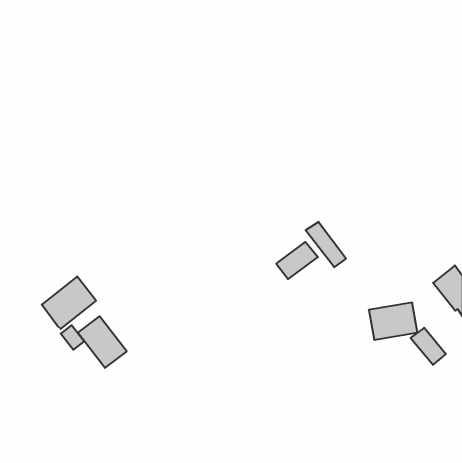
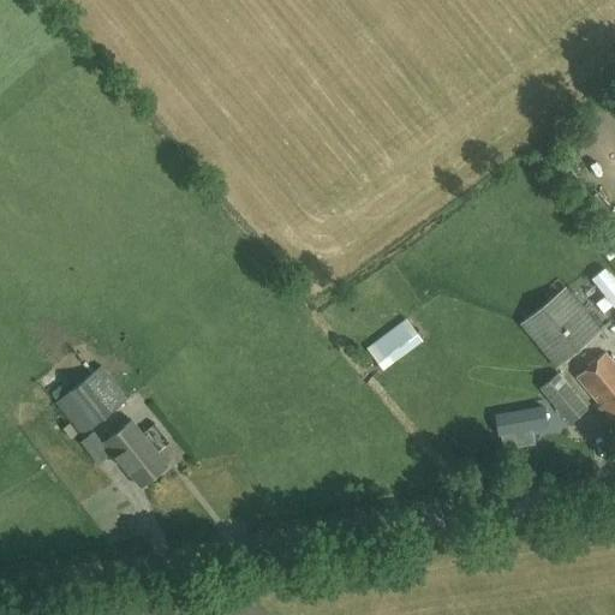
building: none -> [520,287,603,369]
building: [306,222,346,267] -> none
building: [411,328,446,365] -> [541,374,587,423]

